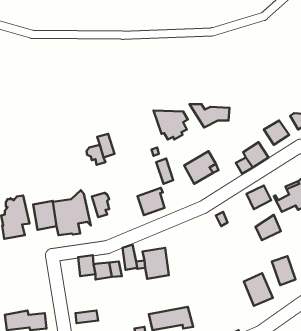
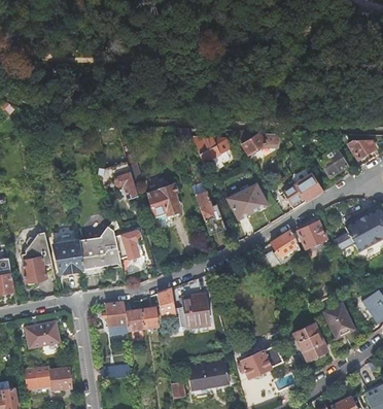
building: [137,188,165,215] -> [150,184,181,215]
building: [256,215,281,240] -> [270,230,299,259]
building: none -> [24,322,59,349]
building: none -> [239,344,283,377]

